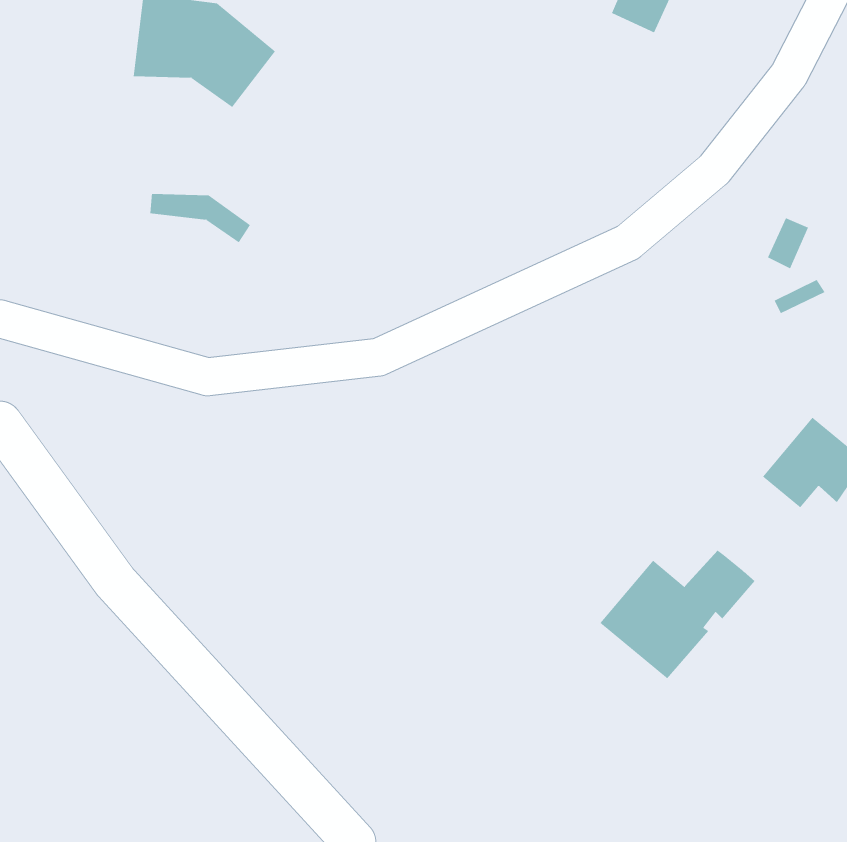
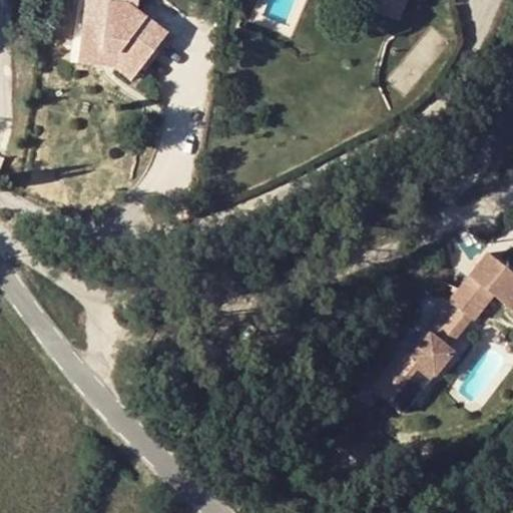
building: [149,193,251,243] -> [80,46,141,76]
building: none -> [438,288,484,345]

